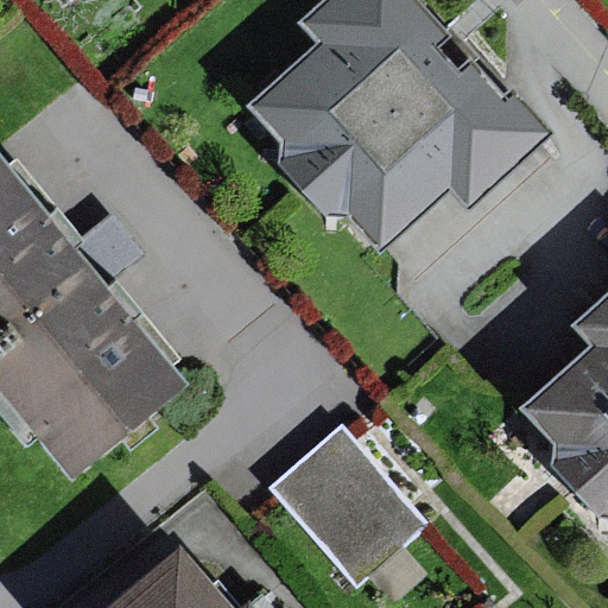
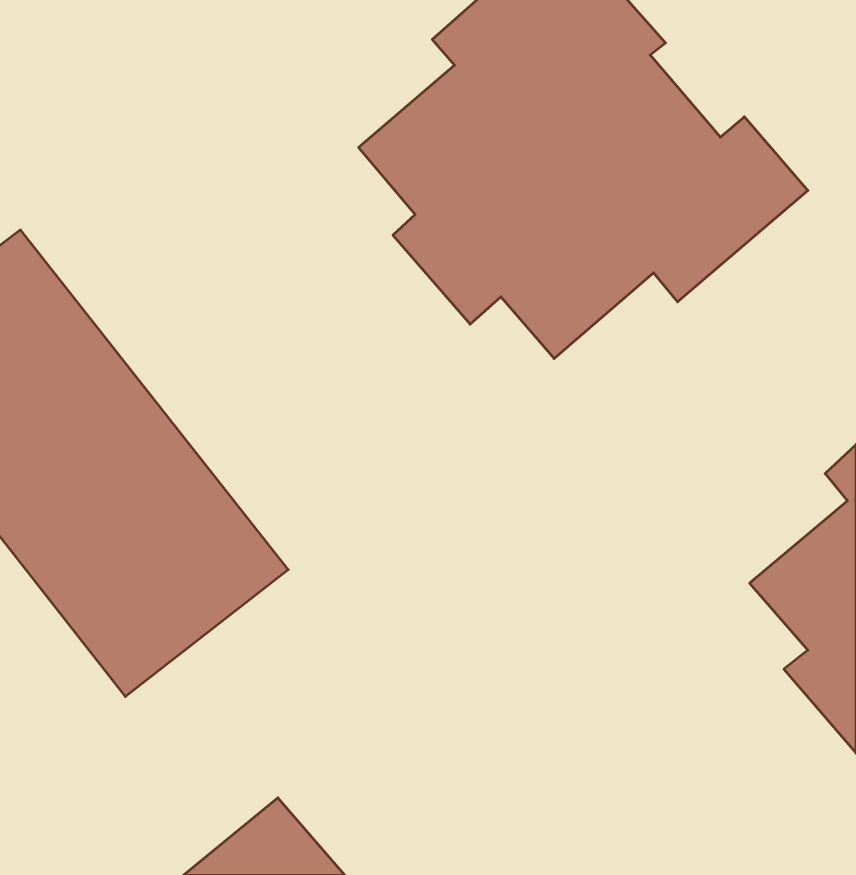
building: [262,433,416,589] -> none

